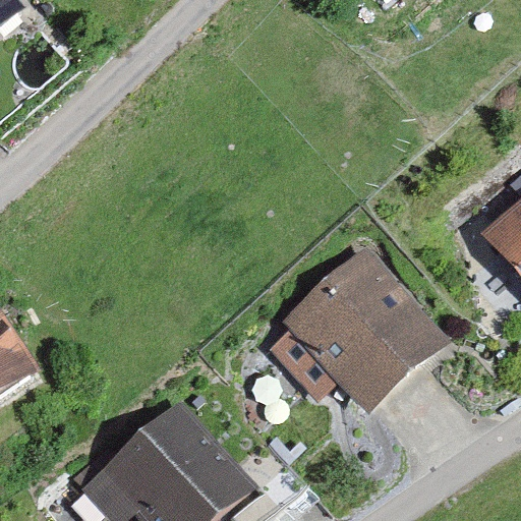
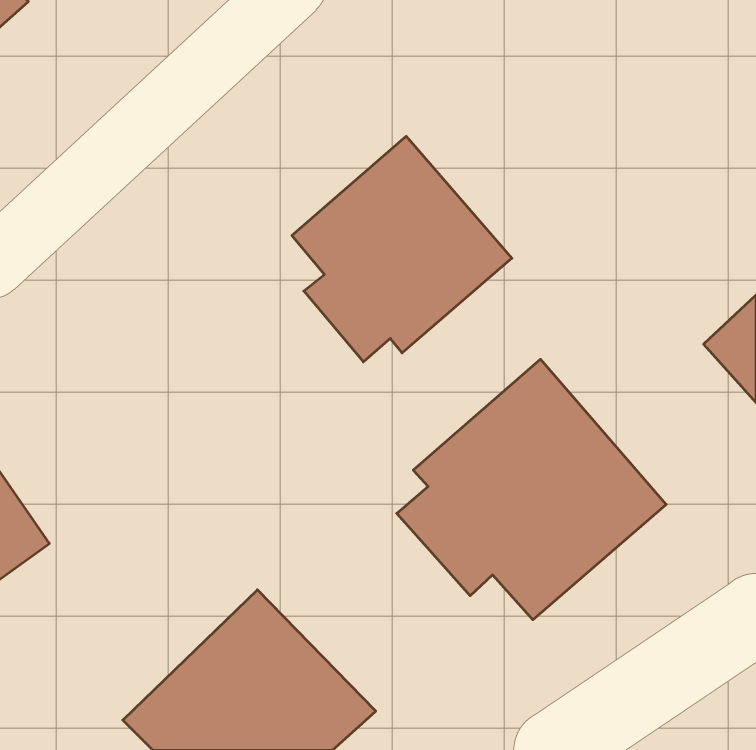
building: none -> [292,136,512,362]

